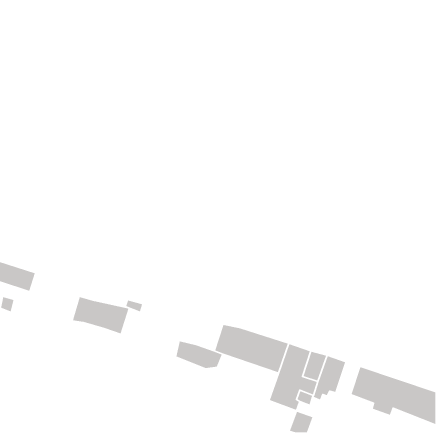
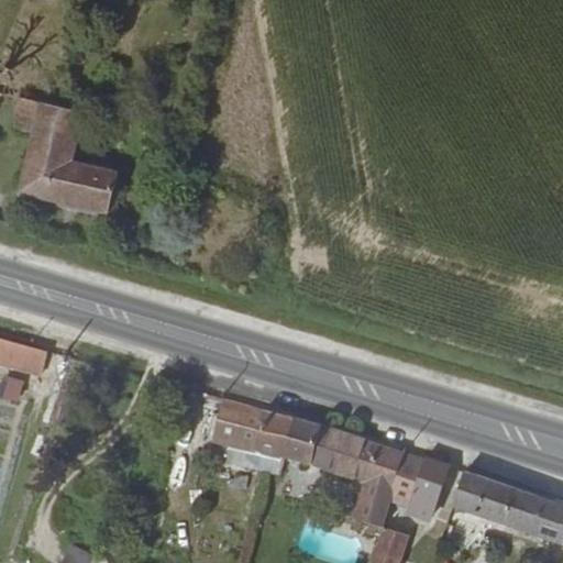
building: none -> [14,89,118,211]
building: [72,296,130,335] -> [212,401,286,451]

